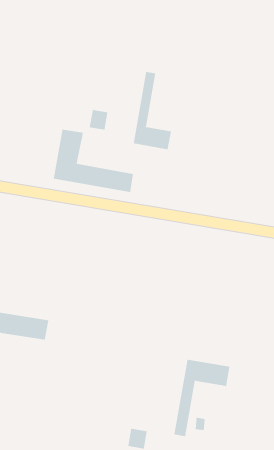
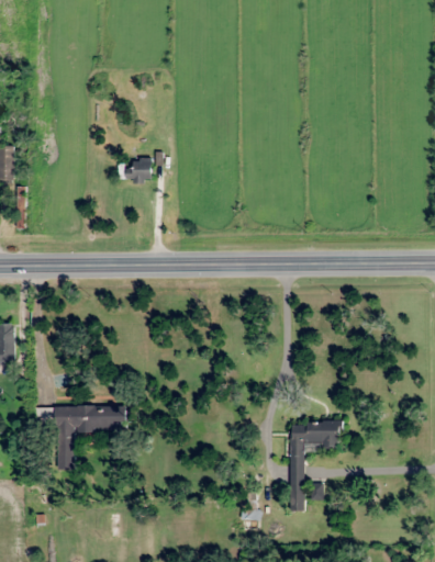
building: [133,71,171,150] -> none
building: [53,129,133,193] -> none

